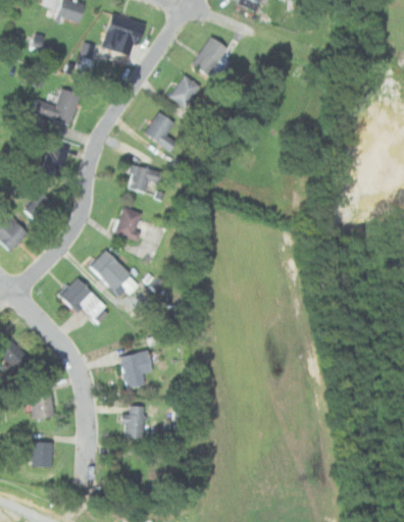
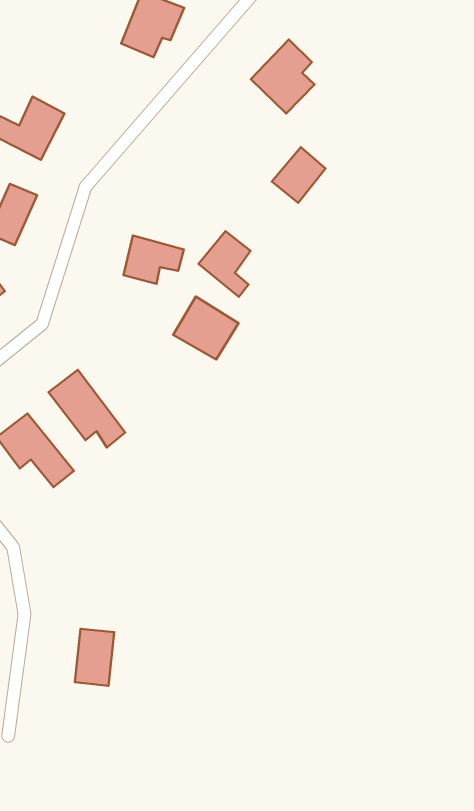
building: [168,74,200,108] -> [272,147,326,203]
building: [144,112,175,151] -> [198,231,251,297]
building: [113,207,152,244] -> [173,297,239,360]
building: [119,351,152,387] -> none

